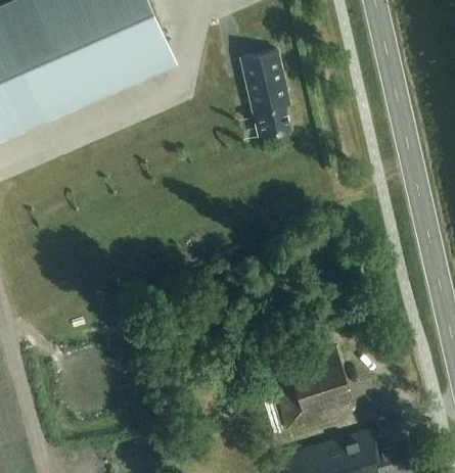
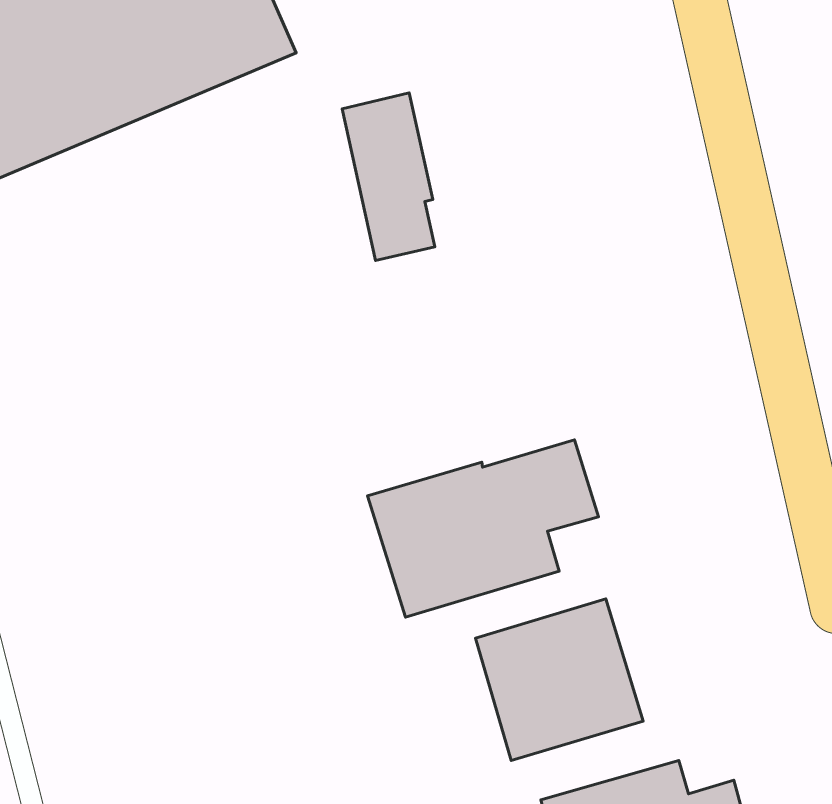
building: [241,53,289,140] -> [342,93,435,261]
building: none -> [368,440,598,617]

